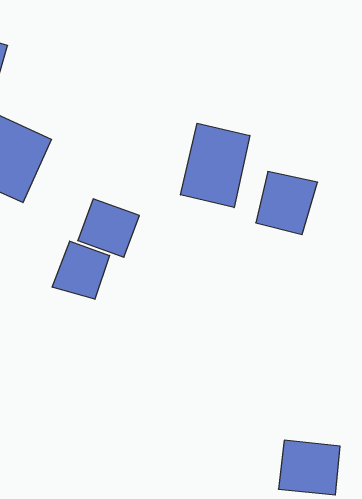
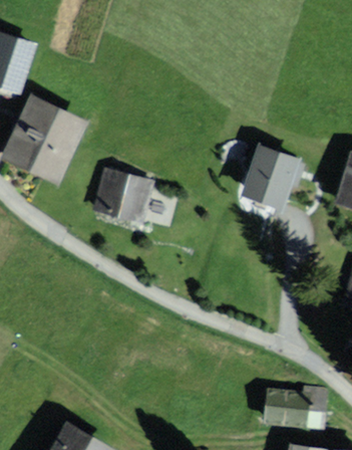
building: [181,123,250,208] -> none
building: [52,241,110,299] -> none

